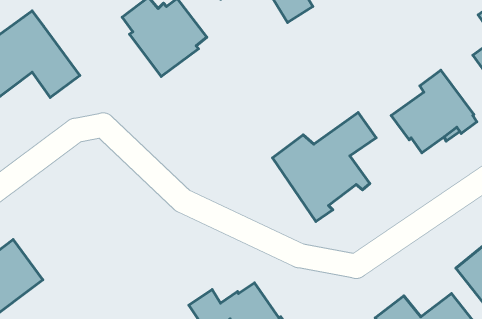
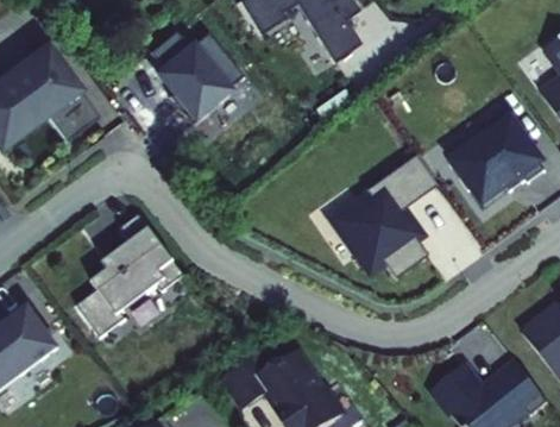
building: none -> [77,214,185,339]

